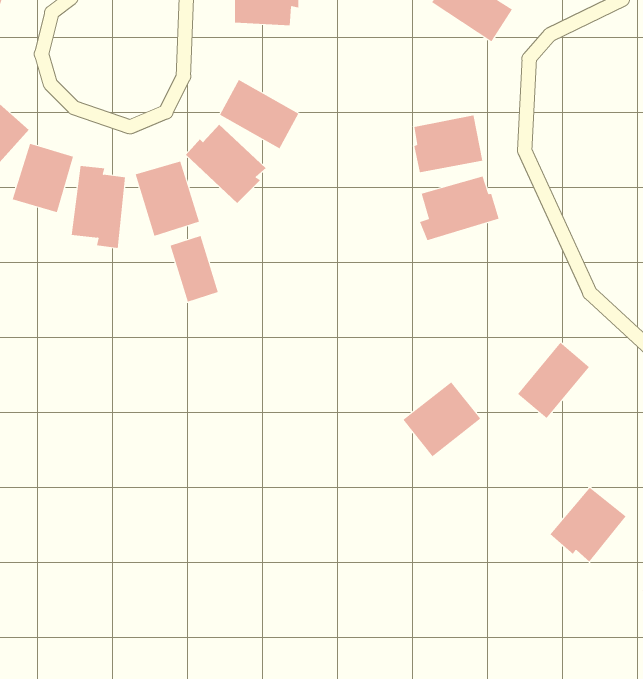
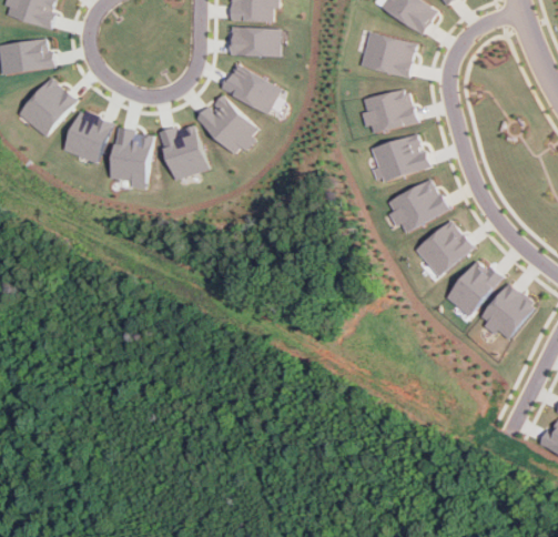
building: none -> [230,27,281,57]
building: none -> [364,32,418,77]
building: none -> [385,179,445,232]
building: [170,235,219,302] -> none
building: [403,381,481,457] -> [412,220,470,276]
building: [549,487,626,562] -> [474,283,531,340]

